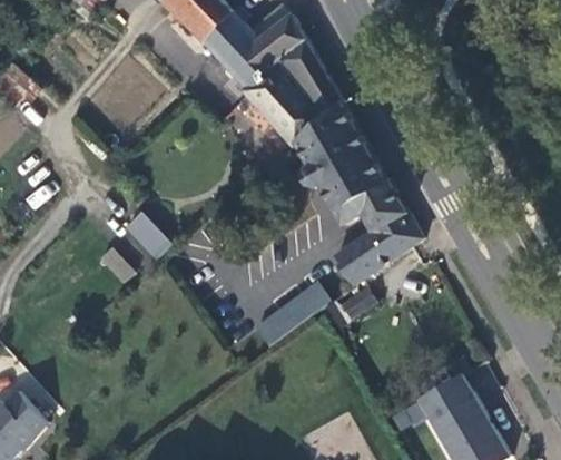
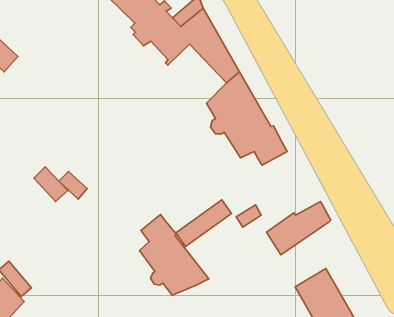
building: [244,66,325,149] -> none
building: [334,214,423,287] -> [266,202,331,255]
building: [125,215,171,263] -> [34,167,68,202]
building: none -> [139,215,209,295]

